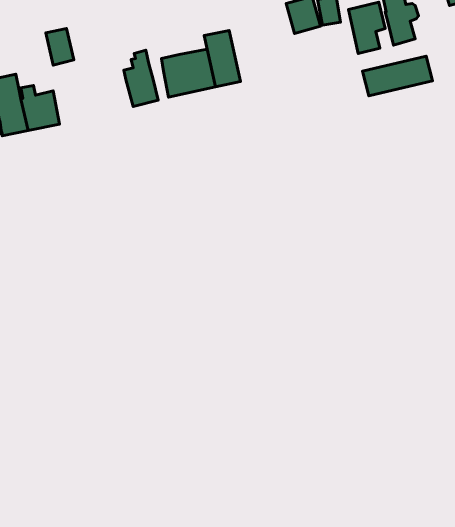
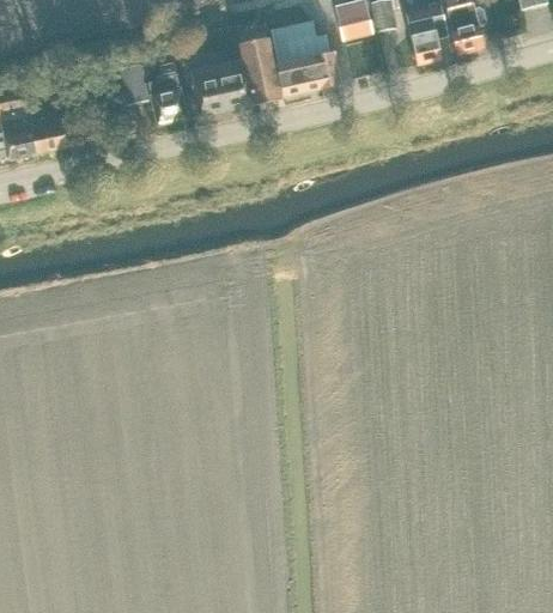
building: none -> [271,18,341,96]
building: [46,29,74,65] -> [115,62,147,104]
building: [362,56,432,96] -> none

